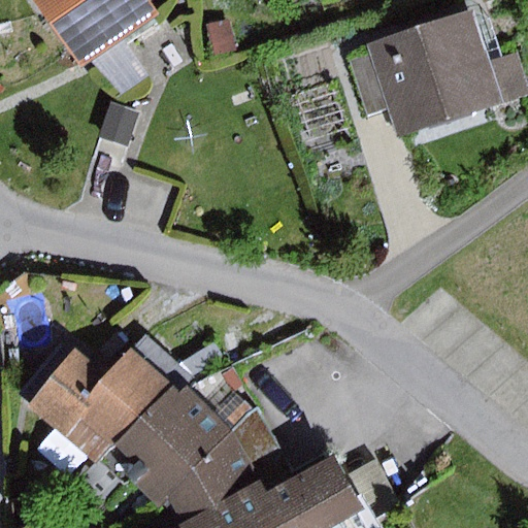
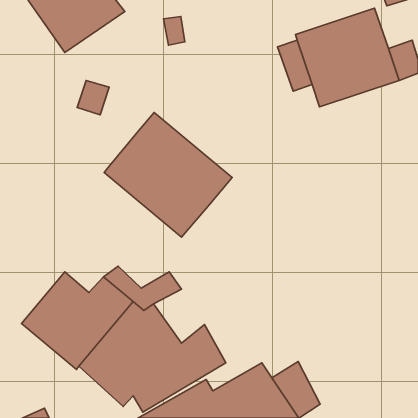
building: none -> [104,112,232,237]

